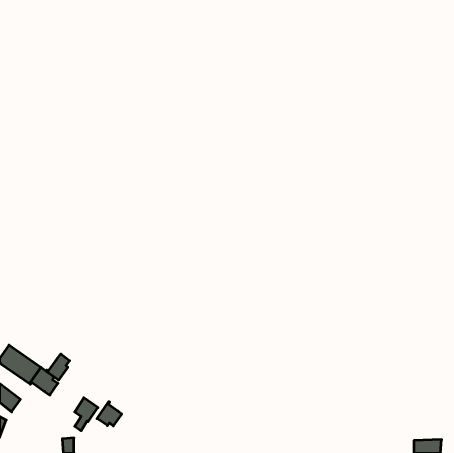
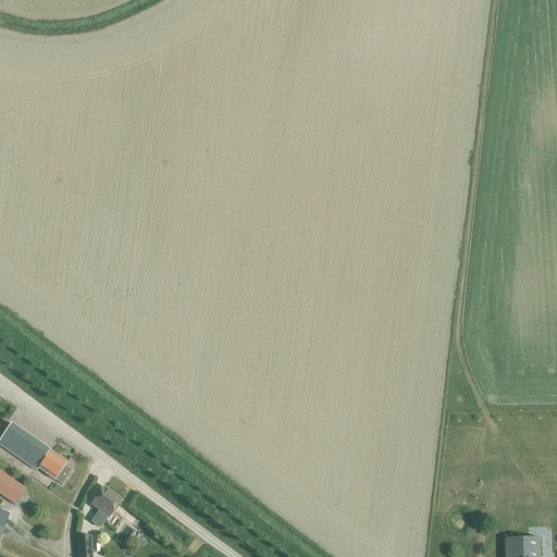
building: [46,354,70,380] -> none
building: [97,402,122,426] -> none

